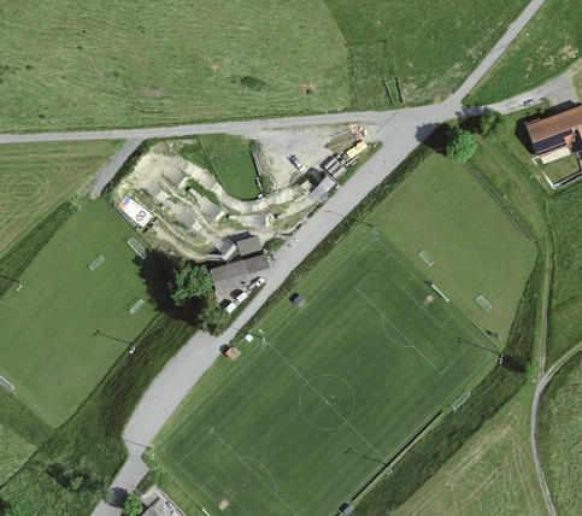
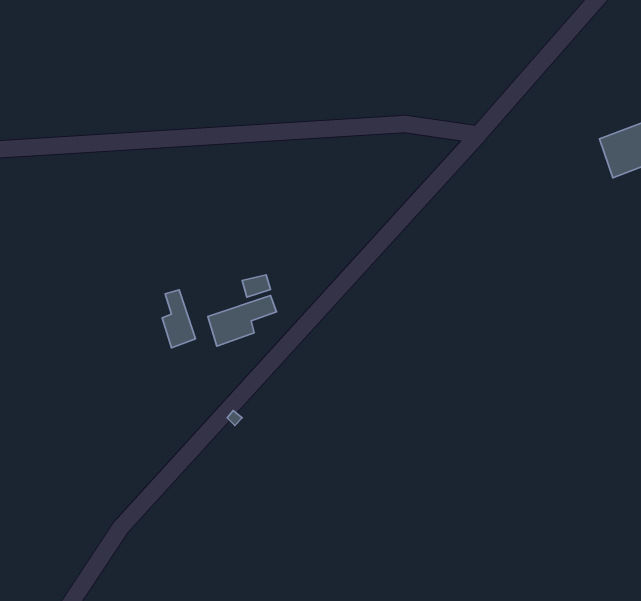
building: none -> [162,290,195,348]

